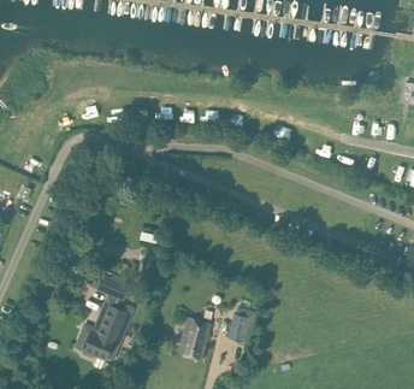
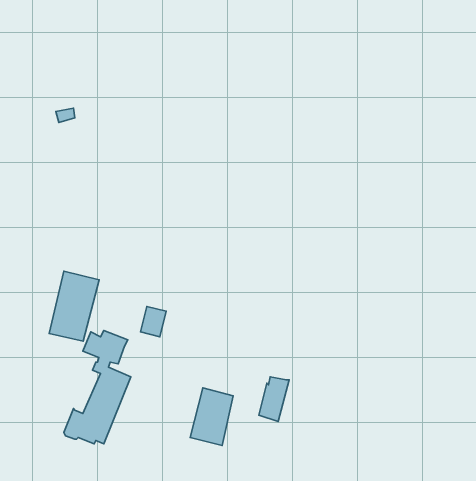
building: none -> [49,271,99,341]

